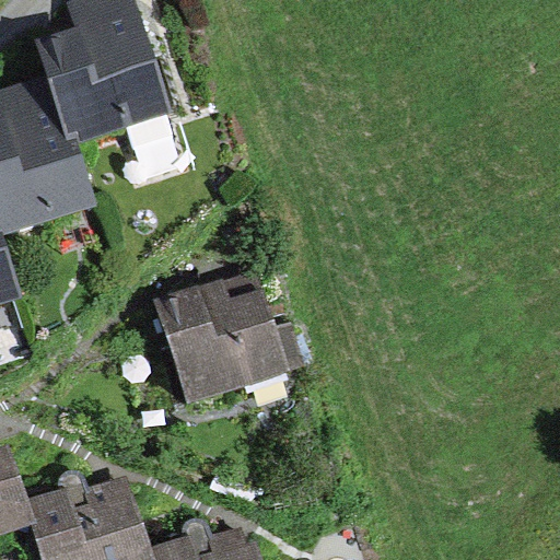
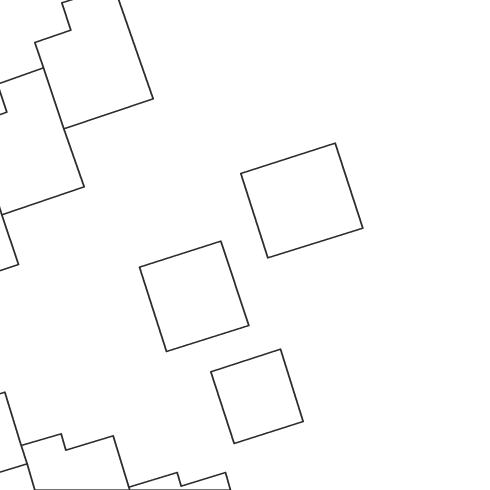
building: none -> [241,143,363,258]
building: none -> [211,349,303,444]

